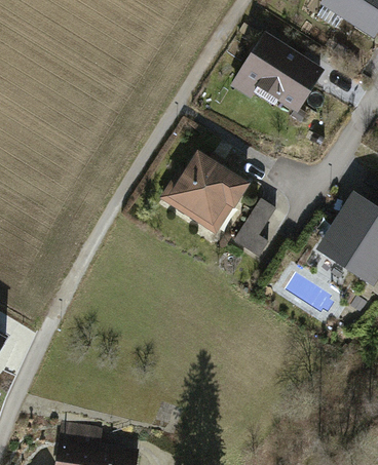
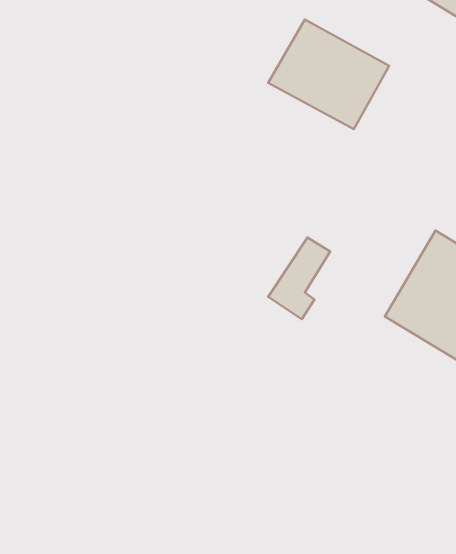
building: [164,148,252,234] -> none

